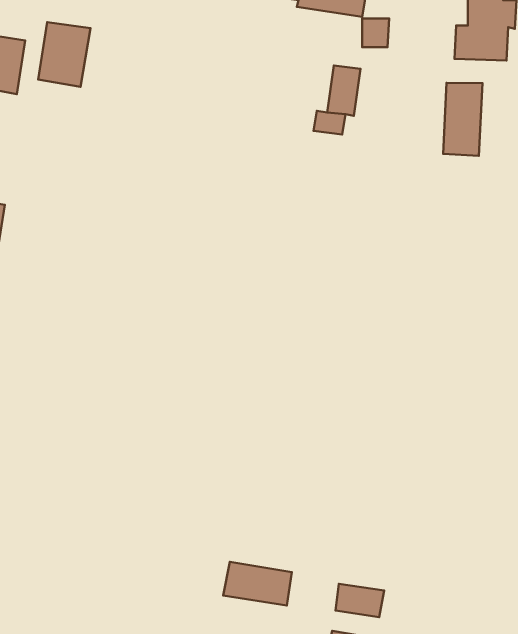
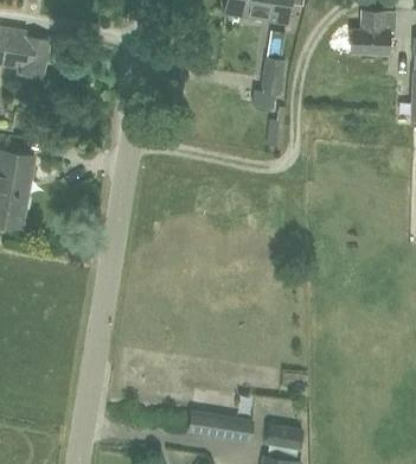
building: [38,22,90,87] -> none
building: [443,83,483,156] -> none

